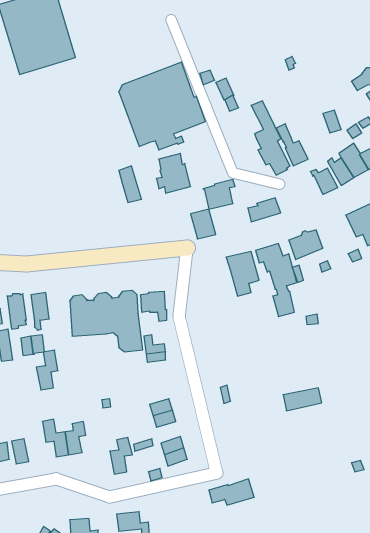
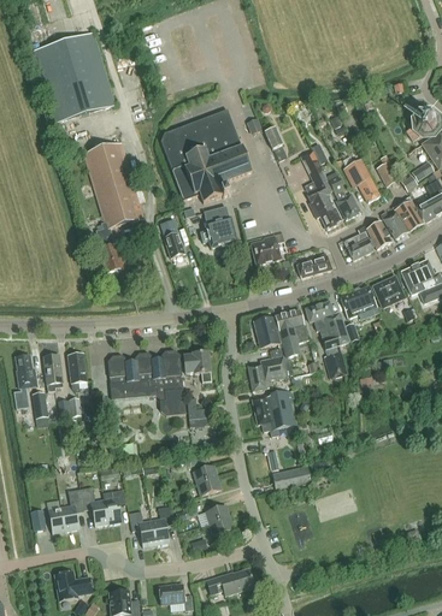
building: none -> [83,142,143,273]
building: none -> [342,160,378,202]
building: none -> [343,225,373,260]
building: [191,209,216,239] -> [253,316,279,348]
building: none -> [372,276,405,307]
building: none -> [248,356,293,390]
building: none -> [252,390,297,437]
building: [36,350,58,390] -> [60,488,83,531]
building: [283,388,322,411] -> [272,466,313,490]
building: none -> [128,511,155,546]
building: [209,479,254,505] -> [206,568,254,596]
building: none -> [54,571,93,600]

